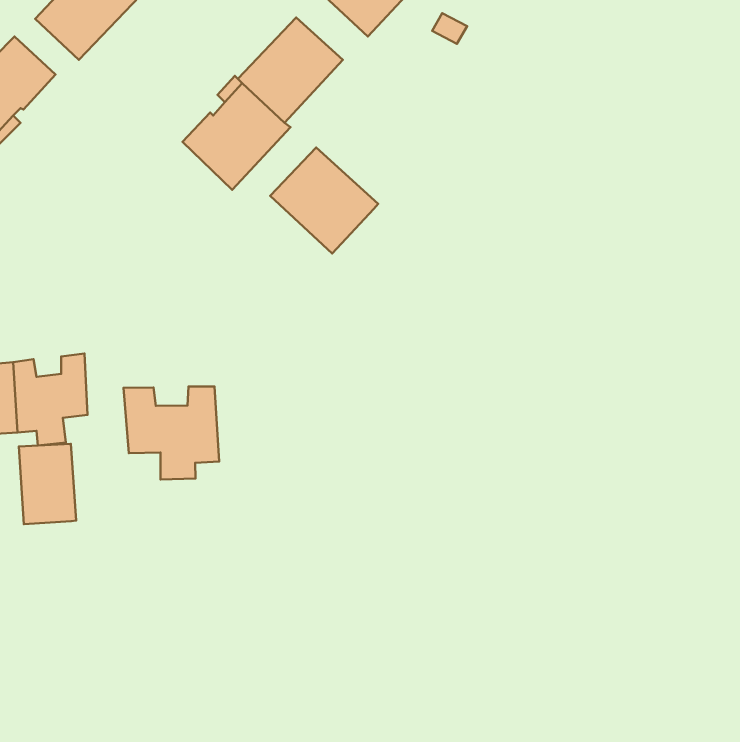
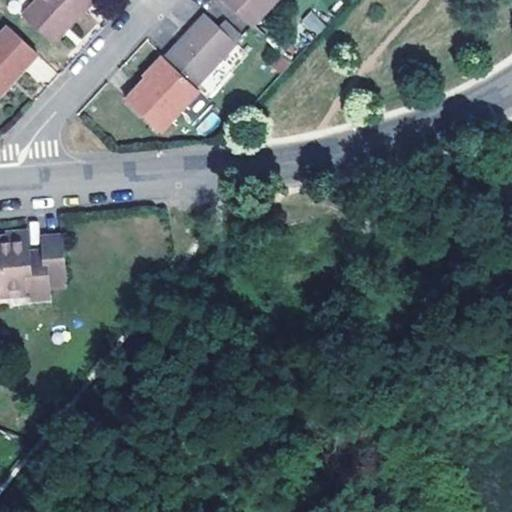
building: [270,148,378,254] -> none
building: [124,386,219,479] -> none
building: [19,444,76,524] -> none

